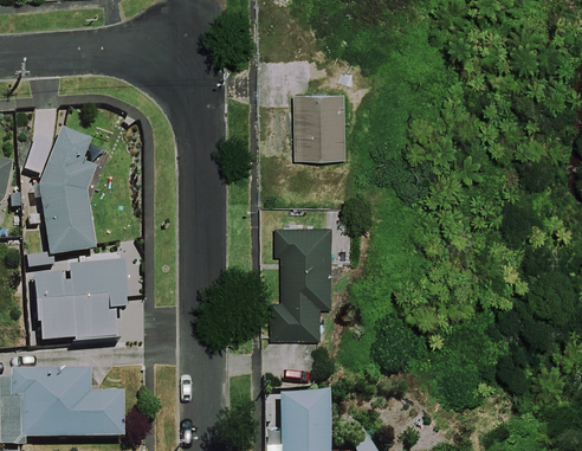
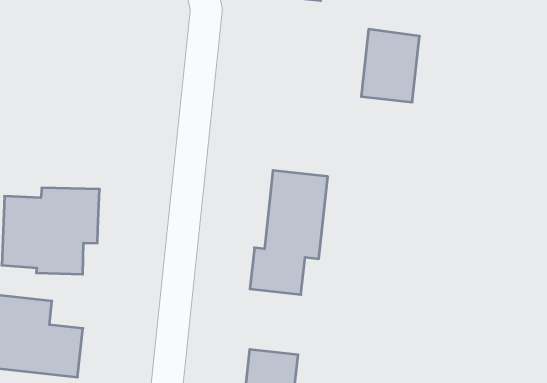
building: [297,92,345,156] -> [361,29,420,102]
building: [24,125,95,255] -> none

